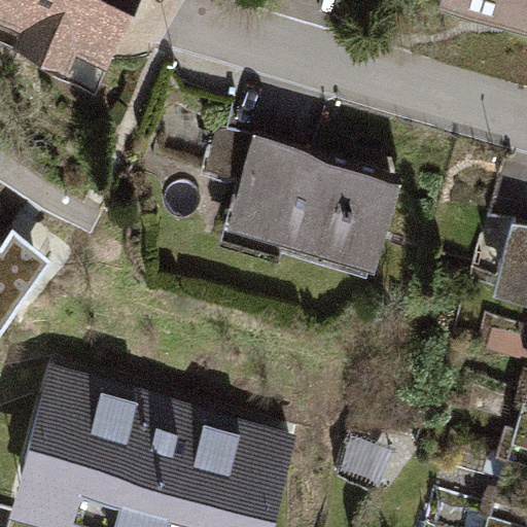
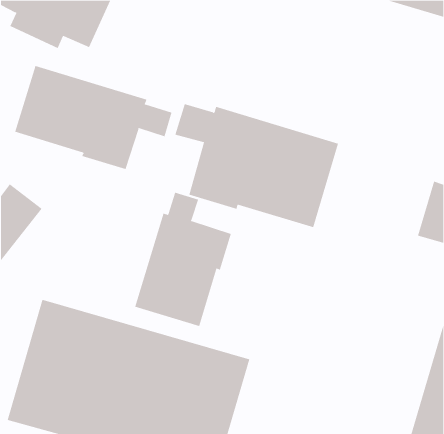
building: none -> [15,65,172,170]
building: none -> [135,192,231,327]

